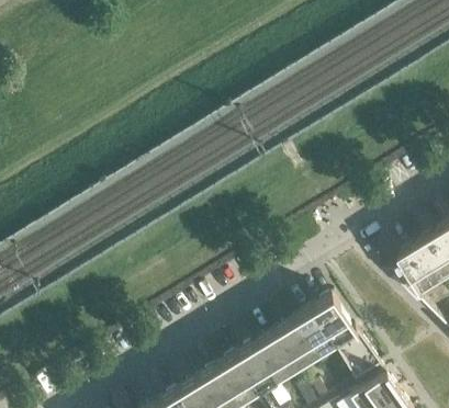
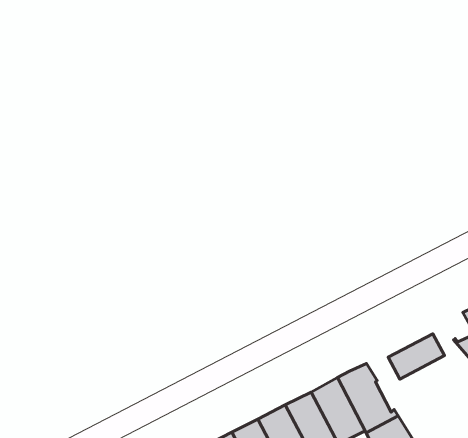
building: none -> [388,334,444,379]

